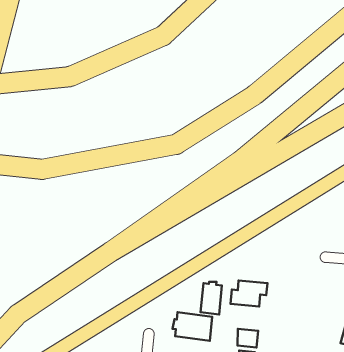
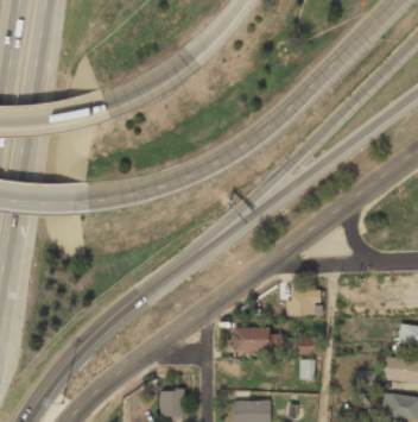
building: [201,282,222,315] -> none

